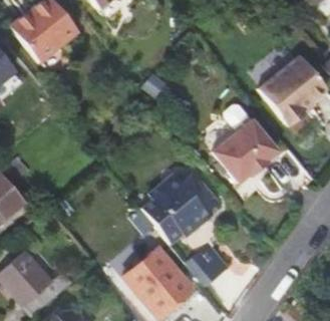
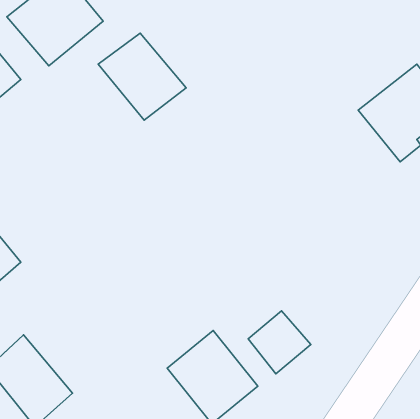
building: none -> [98,33,186,120]
building: [216,108,280,188] -> none
building: [138,170,217,242] -> none

